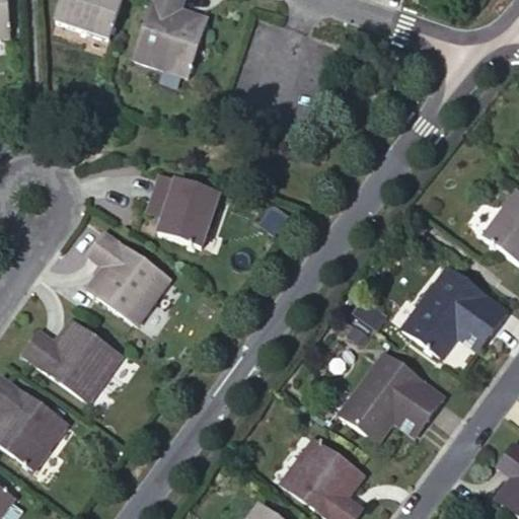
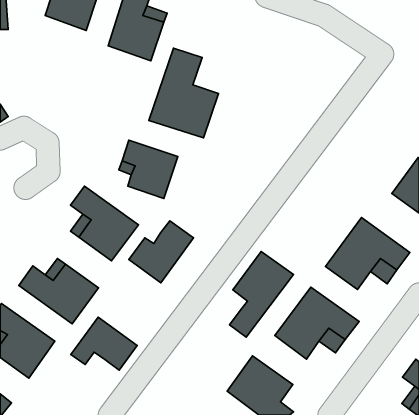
building: none -> [149,48,218,138]
building: none -> [129,221,194,283]
building: none -> [230,252,294,337]
building: none -> [71,317,137,370]

